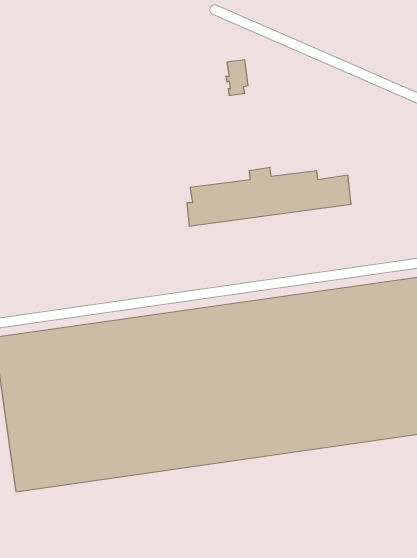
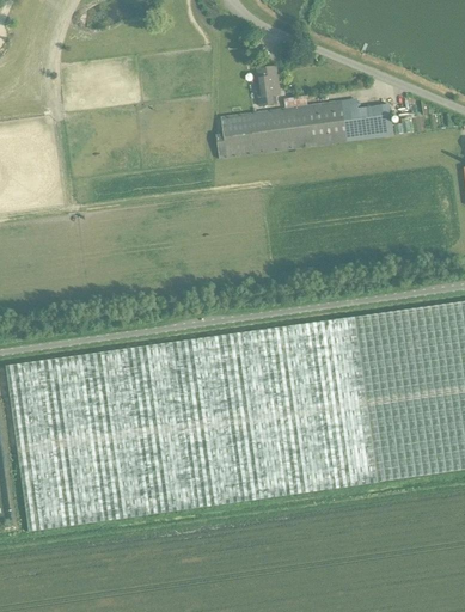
building: [187,167,351,226] -> [218,94,394,158]

